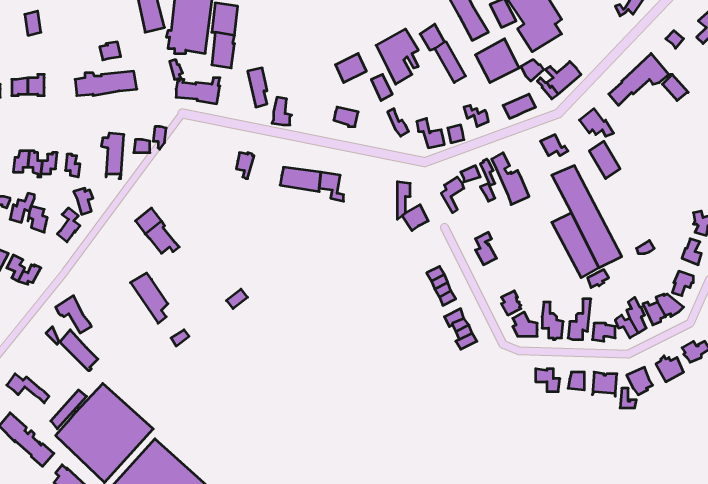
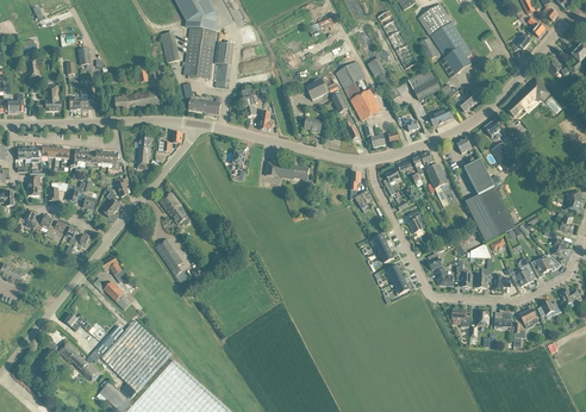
building: none -> [349,89,381,121]

